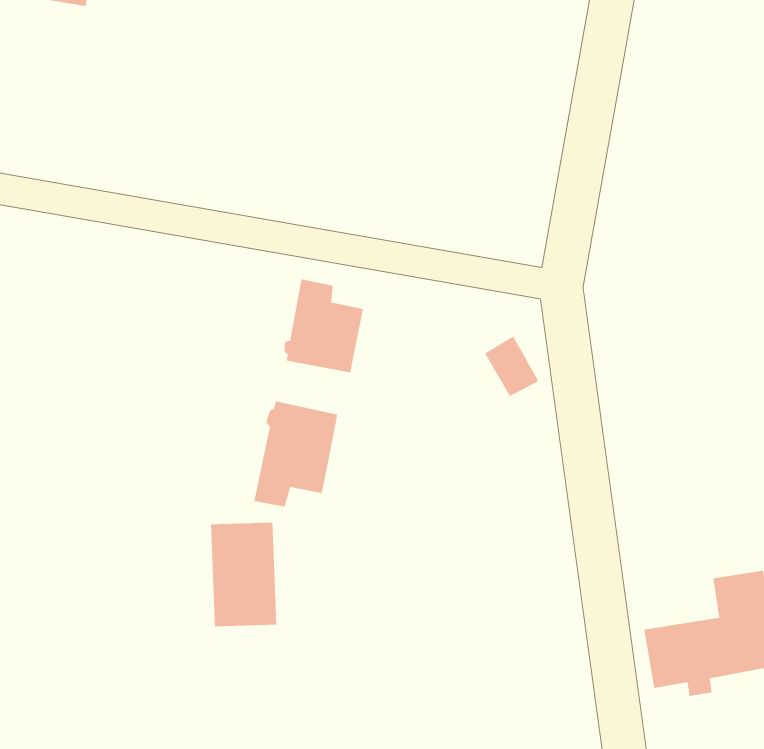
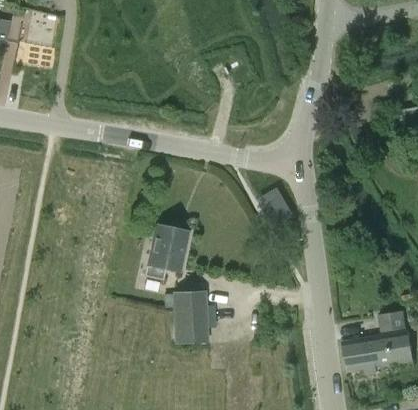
building: [284,278,364,373] -> none
building: [210,522,277,627] -> [172,291,206,344]

